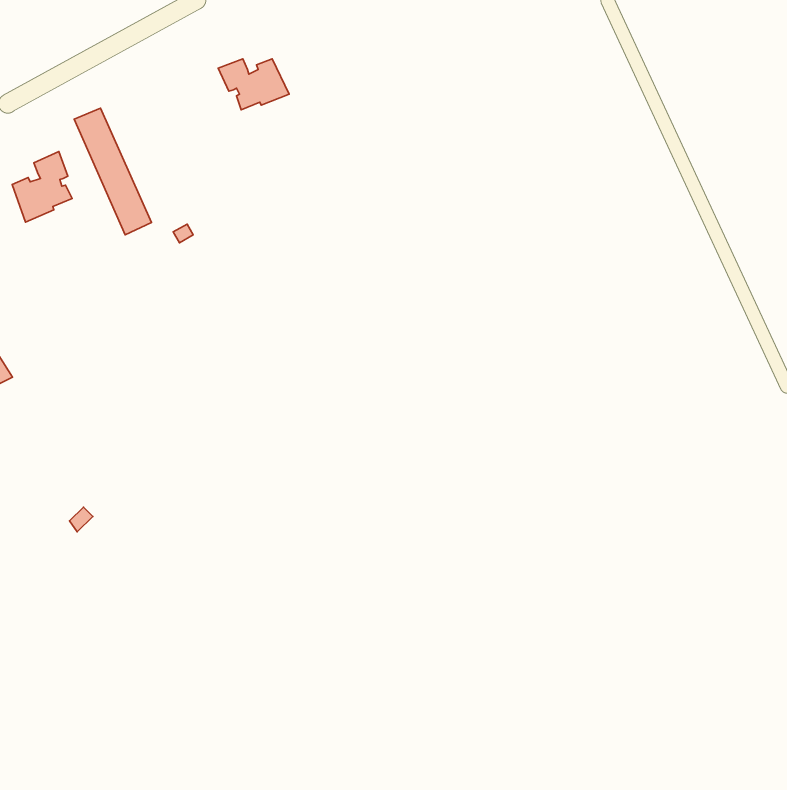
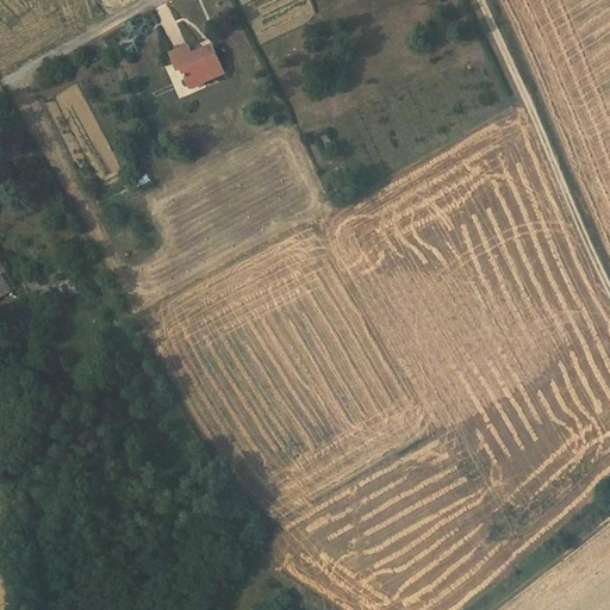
building: [12,152,72,222] -> none

